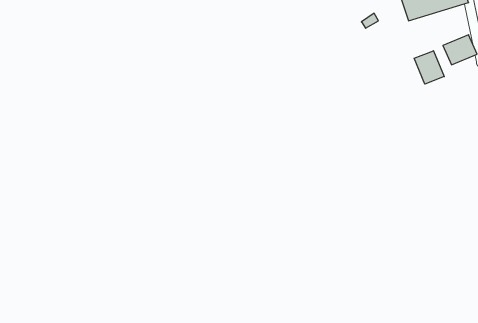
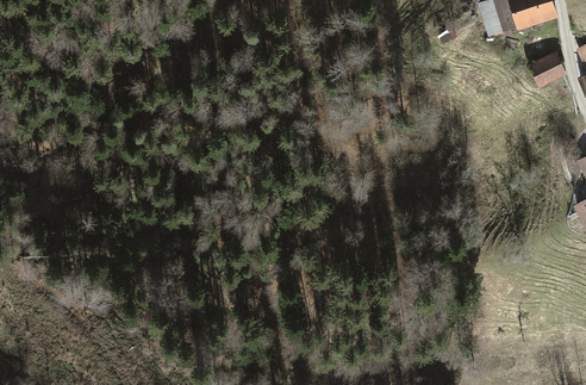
building: [414,51,444,84] -> none

